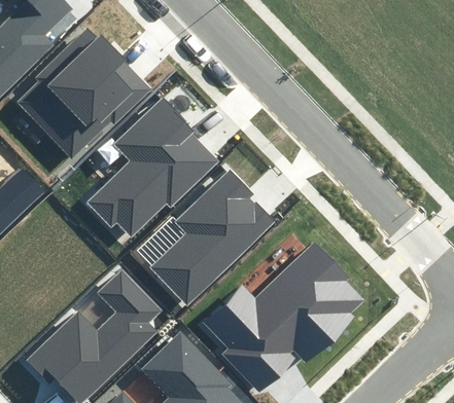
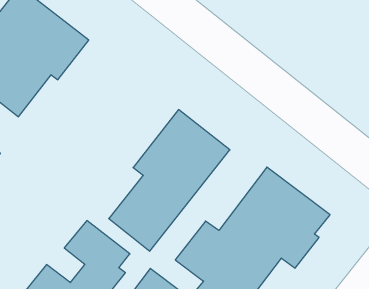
building: [85,94,217,236] -> none

